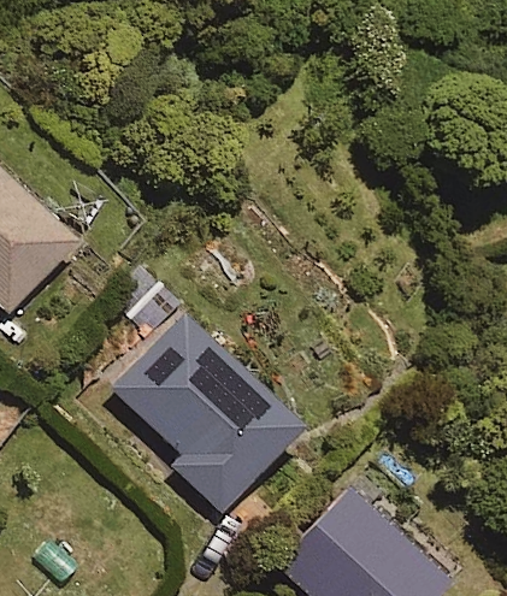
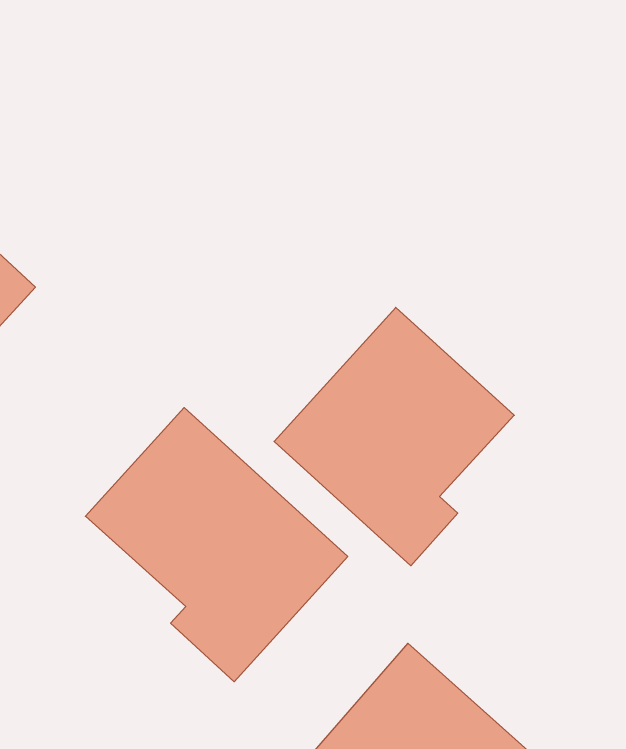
building: none -> [274,307,514,566]

